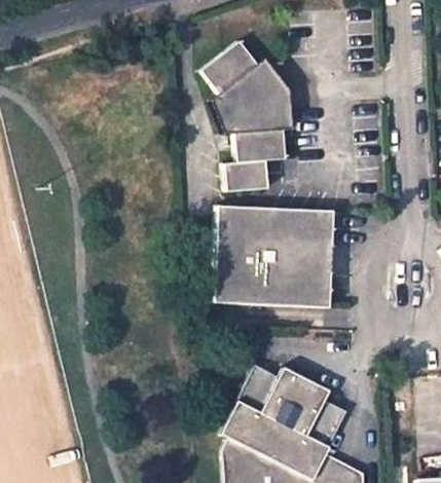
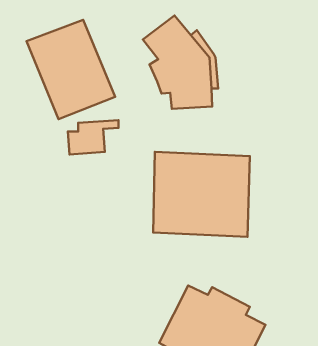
building: none -> [27,20,115,119]
building: [224,150,285,191] -> [68,120,119,155]

